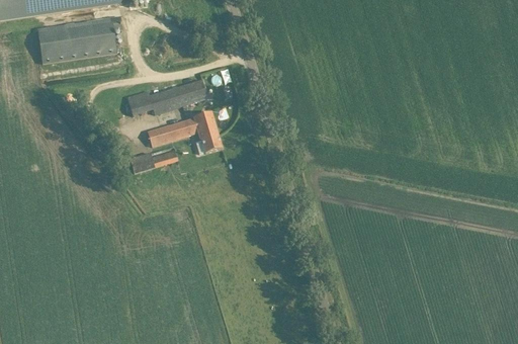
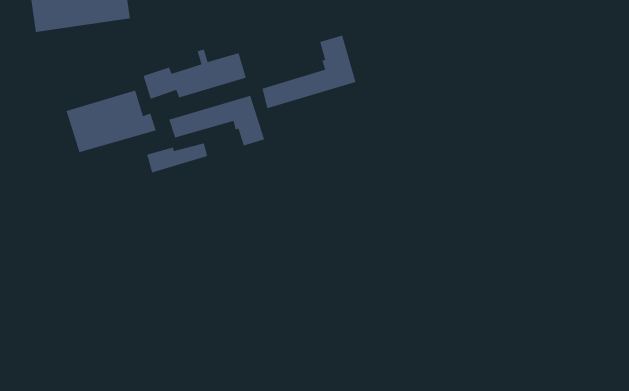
building: none -> [261,34,356,109]
building: none -> [66,90,157,153]

